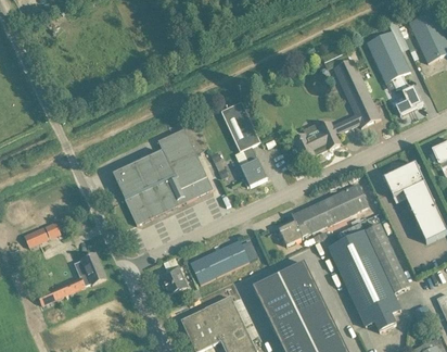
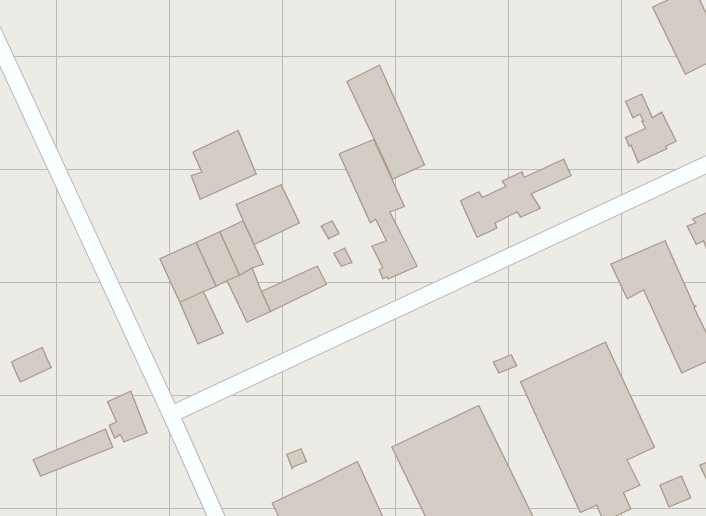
building: [367,29,410,81] -> none
building: [333,58,380,126] -> [347,65,425,179]
building: [168,151,207,192] -> [191,130,256,199]
building: [279,184,368,243] -> none
building: [139,186,165,217] -> none
building: [190,239,257,282] -> none
building: [157,264,184,293] -> none

